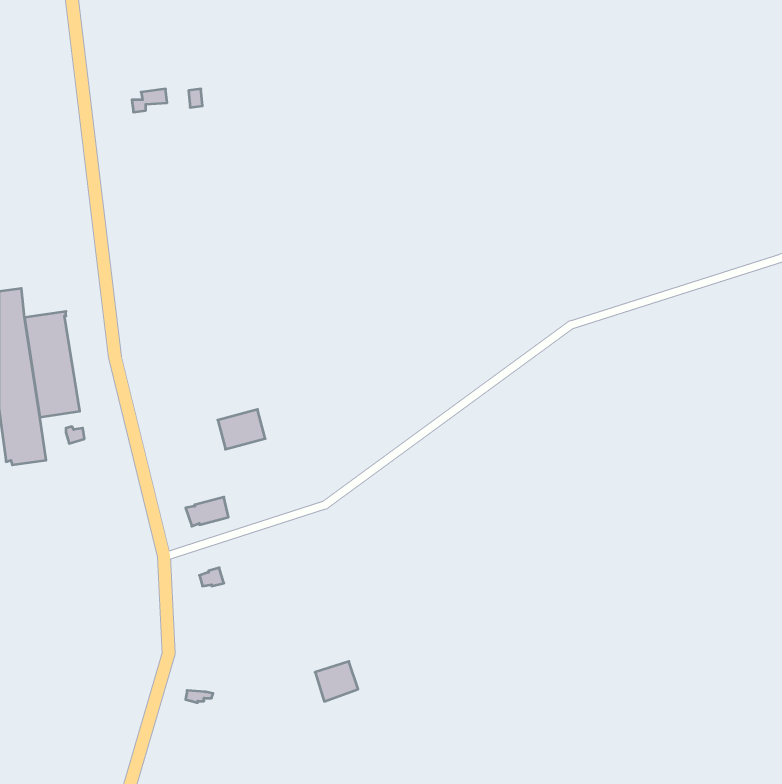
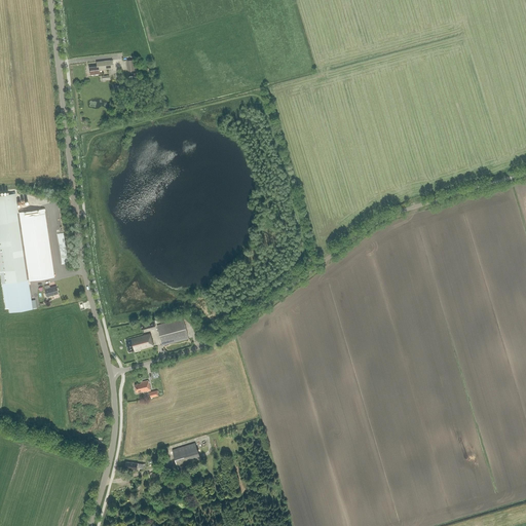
building: [218,409,265,449] -> [156,318,188,345]
building: [315,661,358,701] -> [172,443,200,469]

